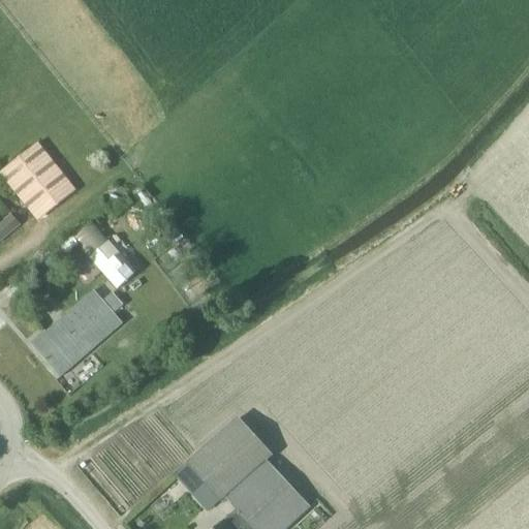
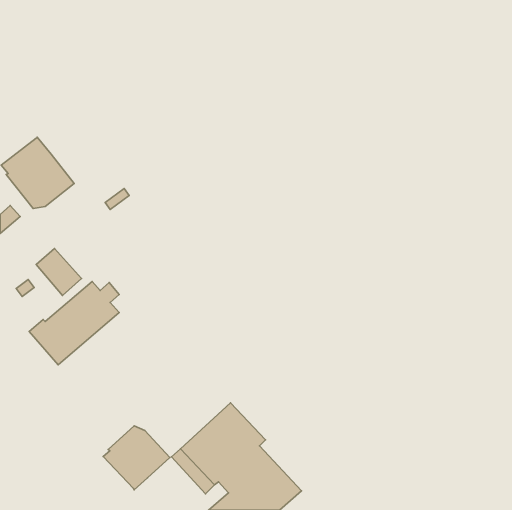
building: [90,240,136,288] -> [36,249,81,296]
building: none -> [103,426,170,490]

